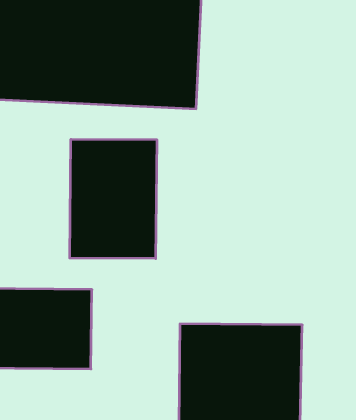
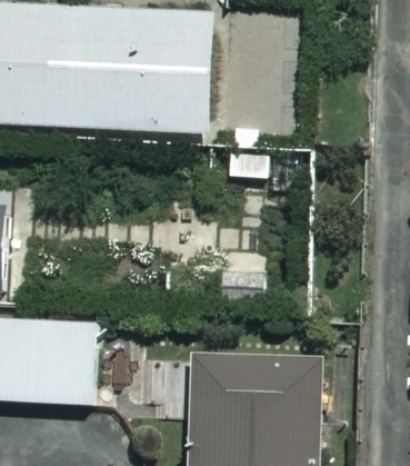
building: [70,139,157,259] -> none

